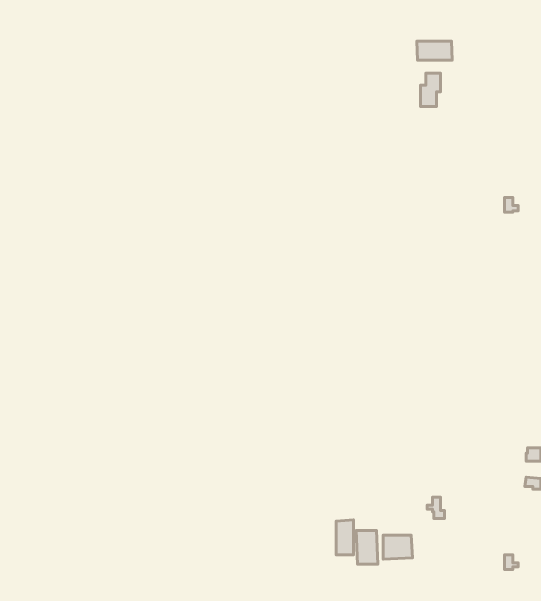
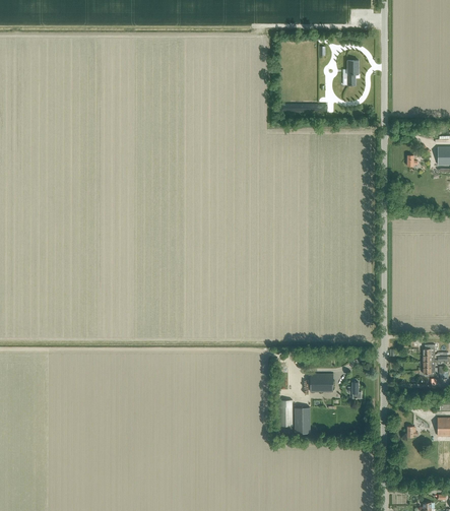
building: [417,41,452,60] -> none
building: [383,535,412,559] -> [311,374,333,392]

